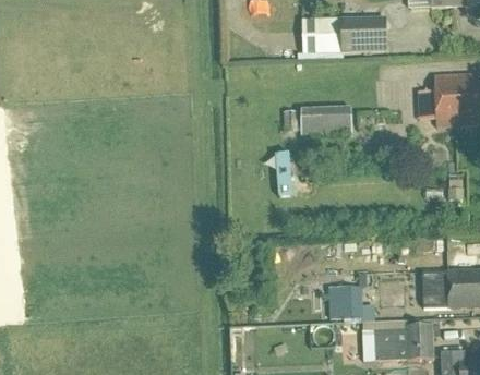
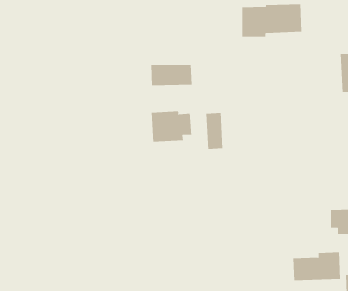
building: [299,108,351,134] -> [150,65,192,86]
building: none -> [151,110,192,142]
building: [321,283,359,316] -> none

